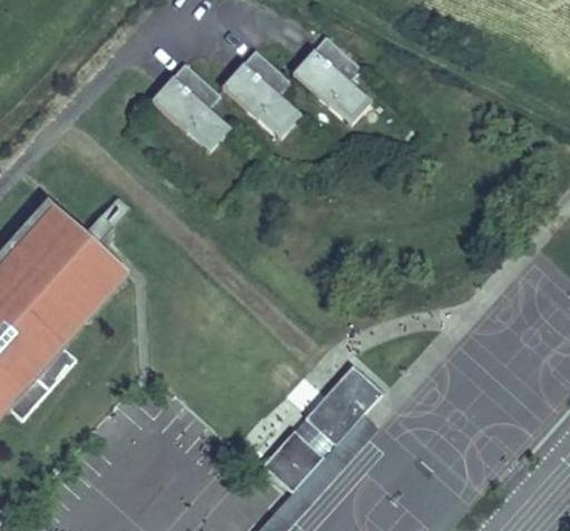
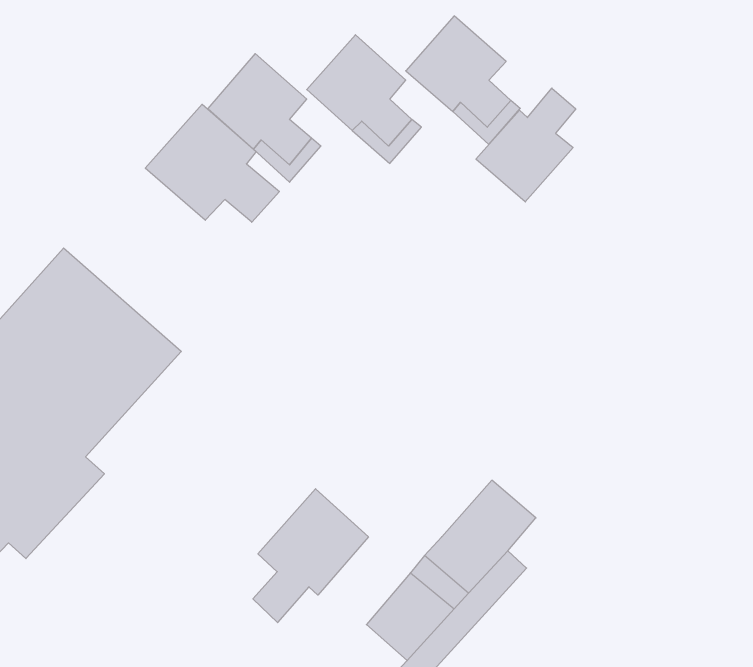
building: none -> [476,88,576,202]
building: none -> [145,104,279,222]
building: none -> [253,489,368,623]

